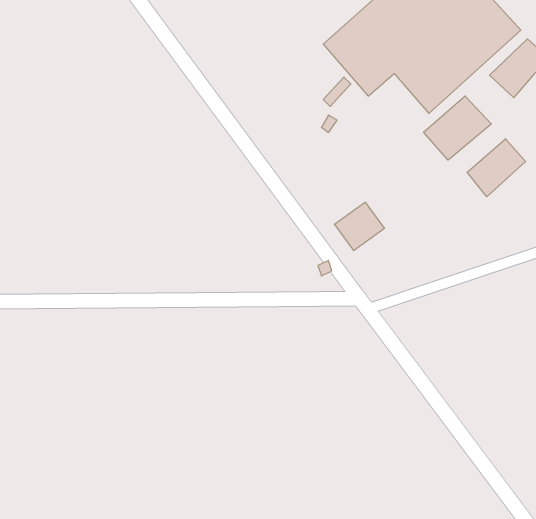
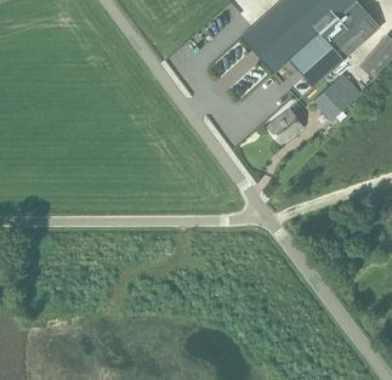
building: [467,139,526,197] -> none
building: [334,202,385,251] -> [267,108,302,142]

